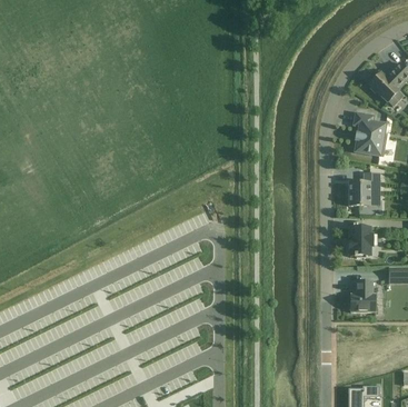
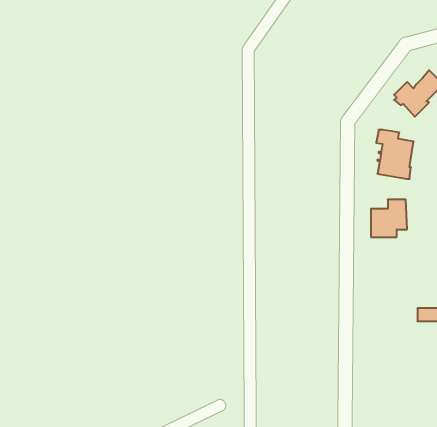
building: [346,227,372,258] -> none
building: [349,280,375,311] -> none

